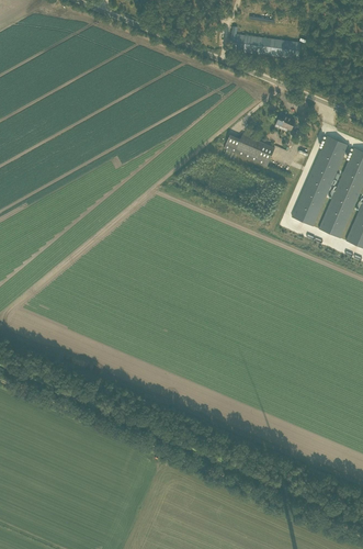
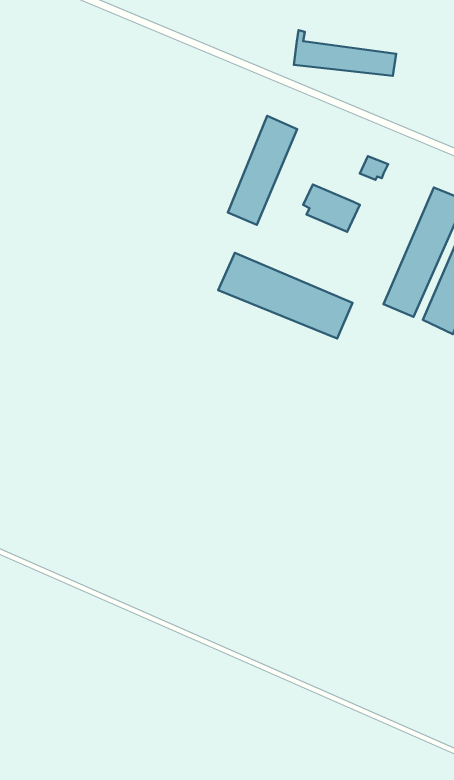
building: none -> [228,116,297,225]
building: none -> [218,253,353,339]

